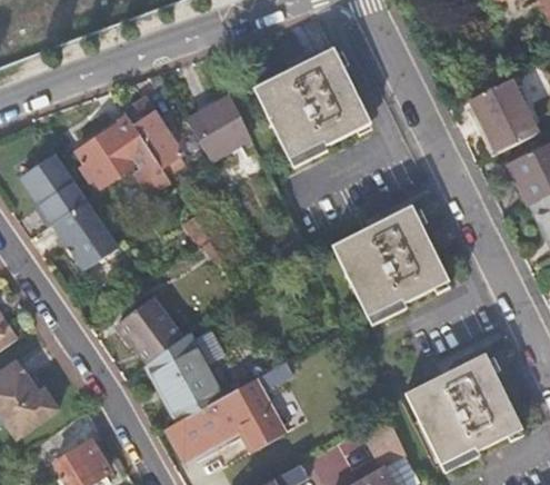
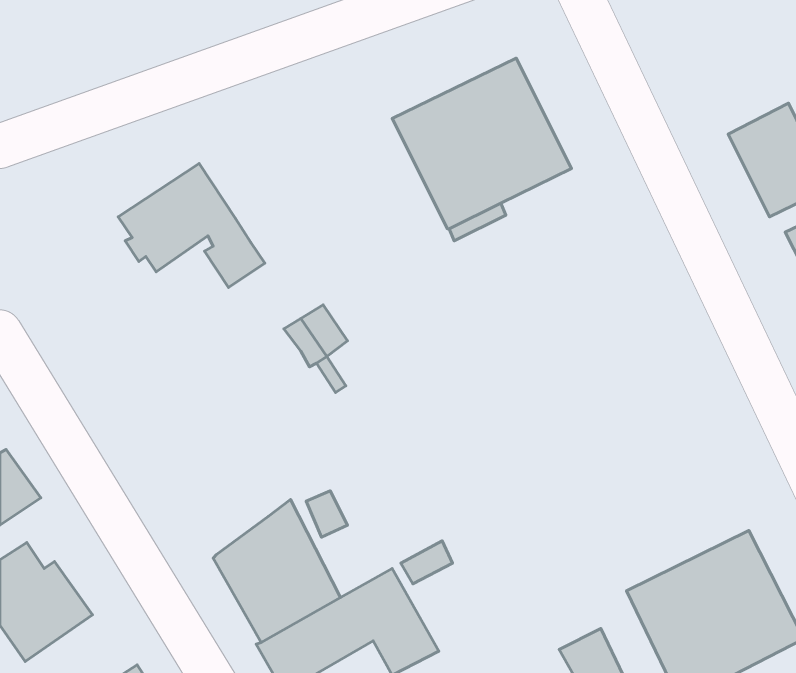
building: [190,96,252,160] -> none
building: [126,98,183,168] -> none
building: [22,152,120,270] -> none
building: [332,206,447,324] -> none
building: [111,305,174,369] -> none

